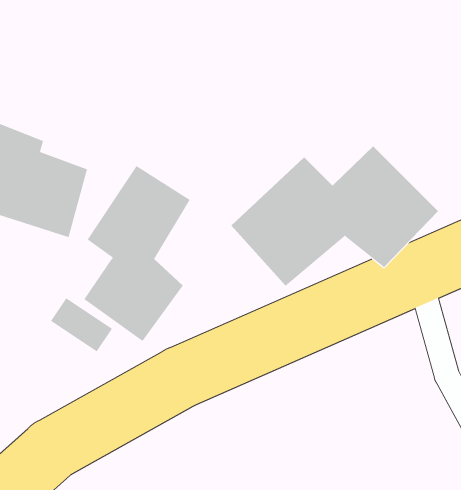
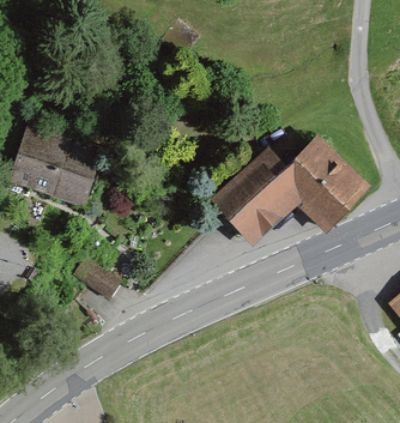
building: [84,165,191,342] -> none

